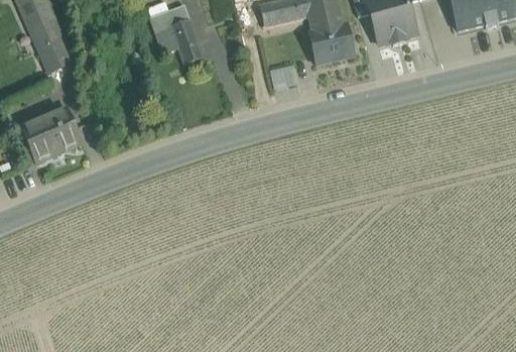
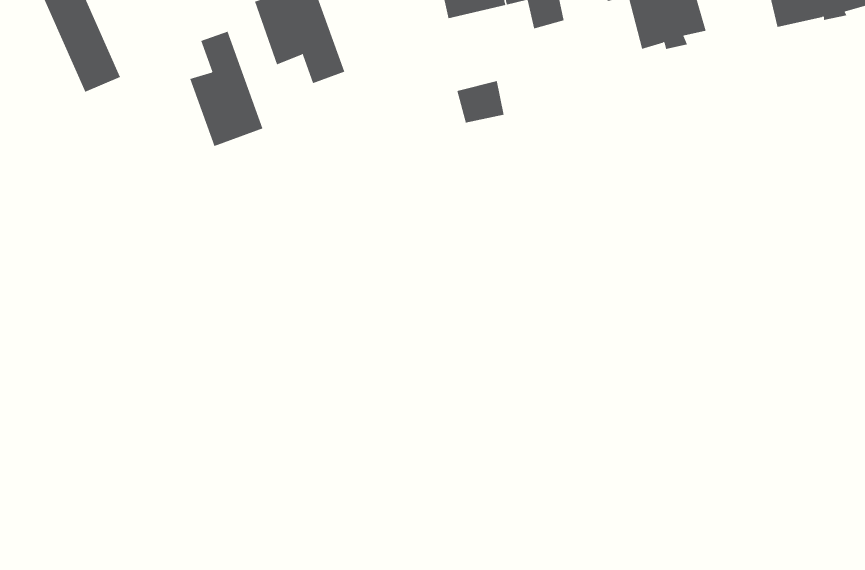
building: [309,23,354,63] -> none
building: none -> [189,31,263,147]
building: [20,108,82,161] -> none

